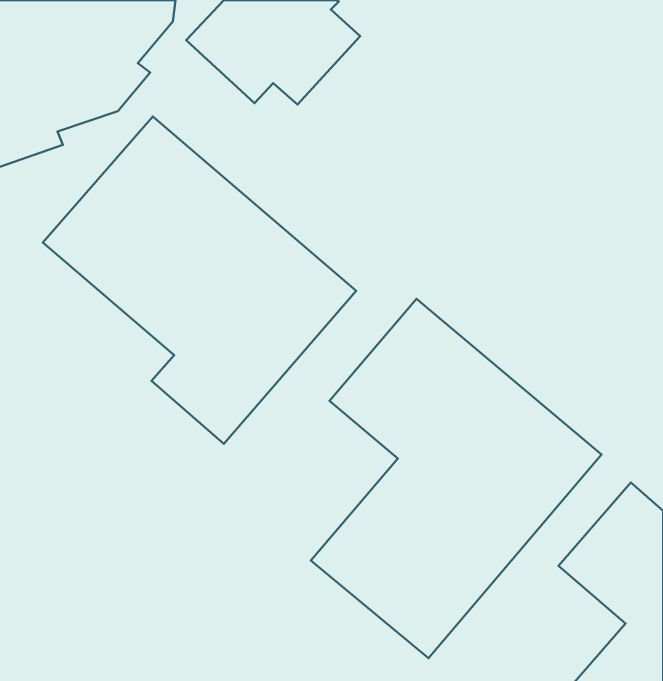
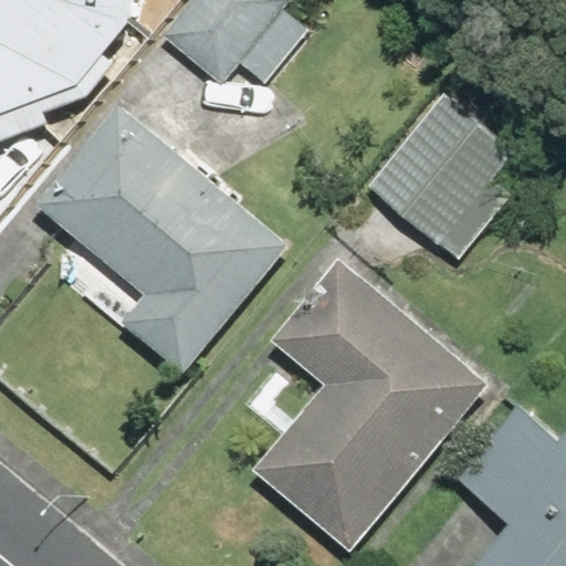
building: none -> [357,95,531,270]

